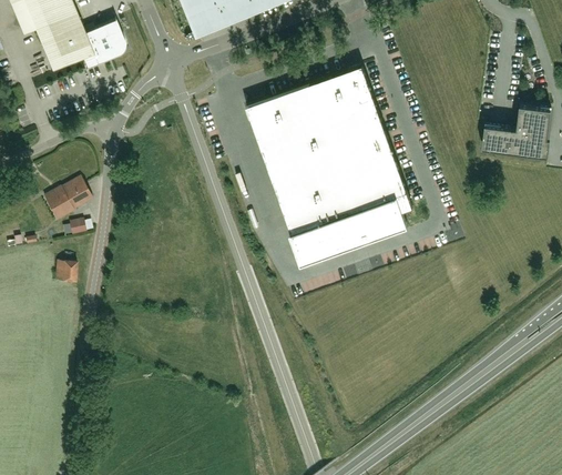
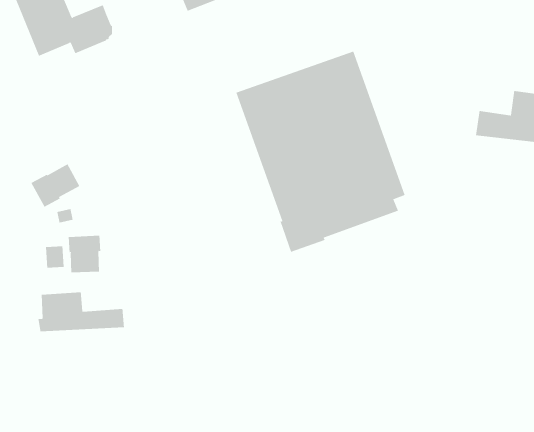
building: none -> [68,235,101,273]
building: none -> [38,292,125,332]

